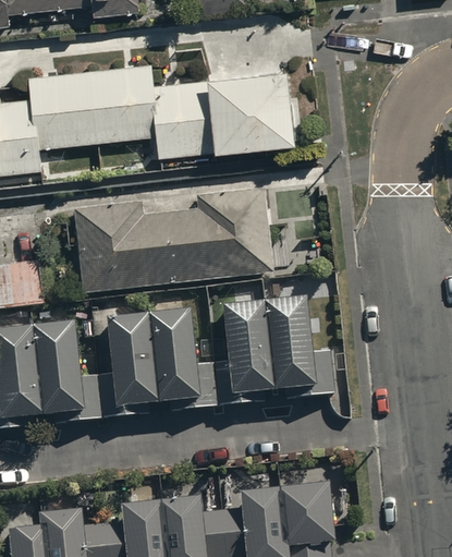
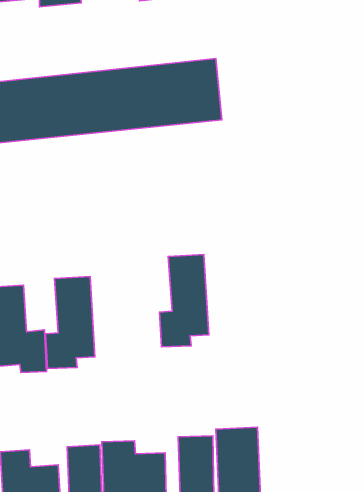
building: [75,187,270,294] -> none
building: [276,289,337,386] -> none
building: [149,310,210,407] -> none

